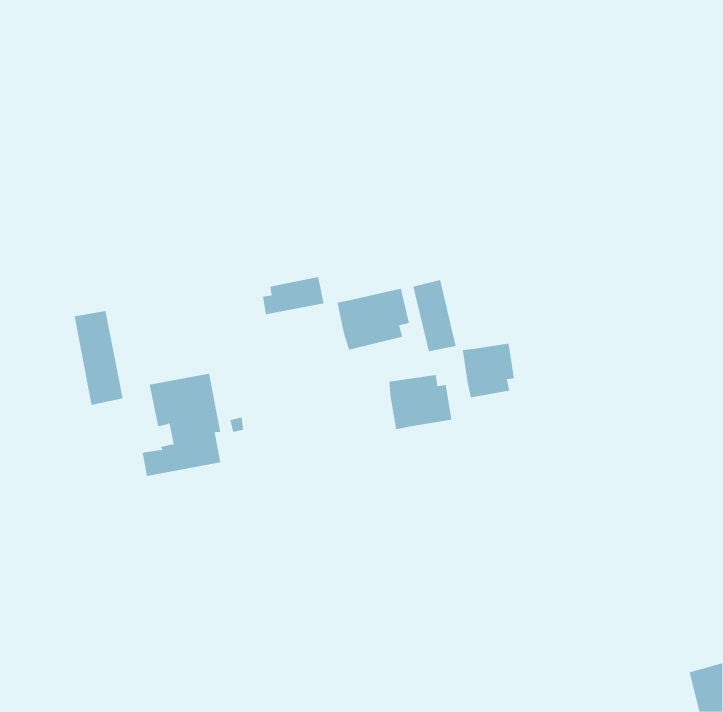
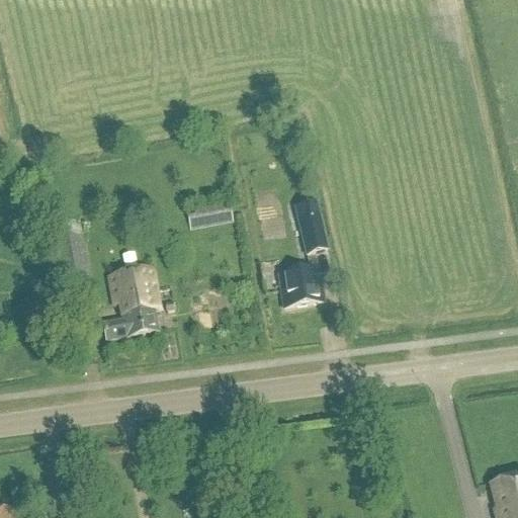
building: [337,288,409,350] -> none
building: [462,343,515,398] -> none

